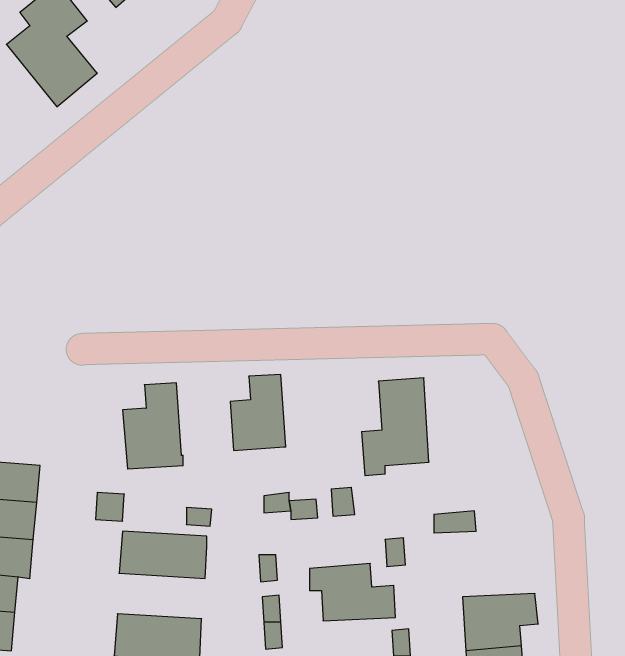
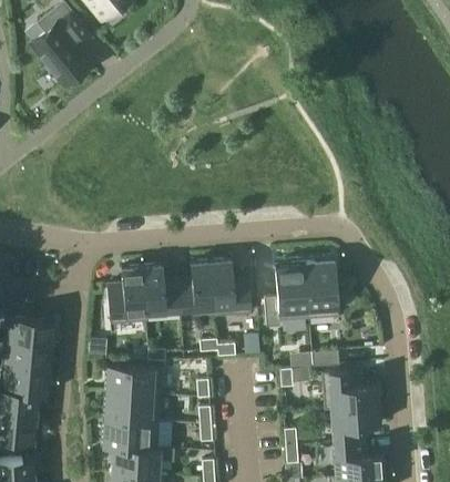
building: none -> [211,259,250,315]
building: none -> [305,260,338,318]
building: none -> [142,264,180,314]
building: [310,564,395,621] -> [321,369,378,407]
building: none -> [103,391,161,421]

